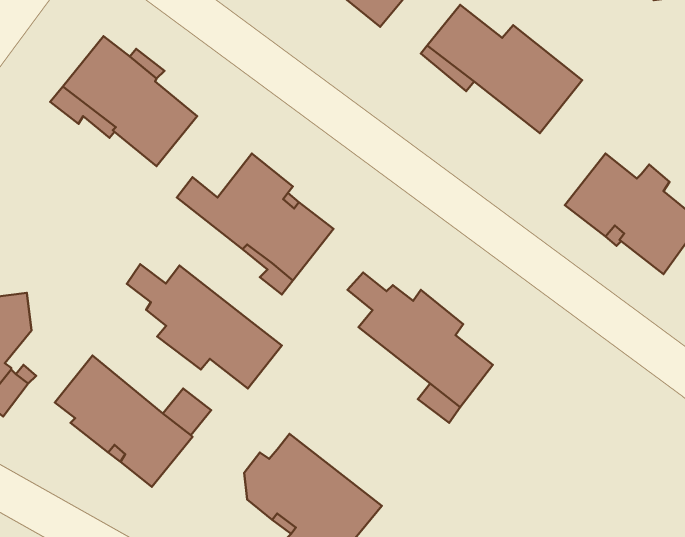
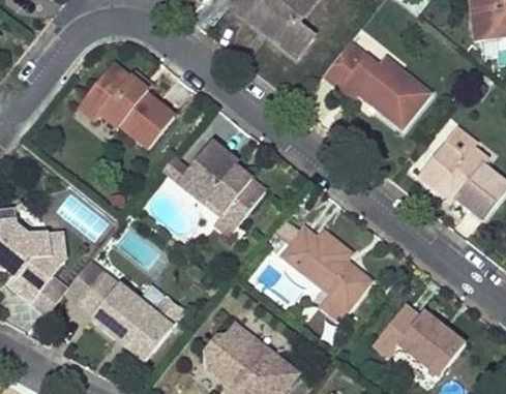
building: [127,264,282,389] -> none
building: none -> [373,302,466,377]

